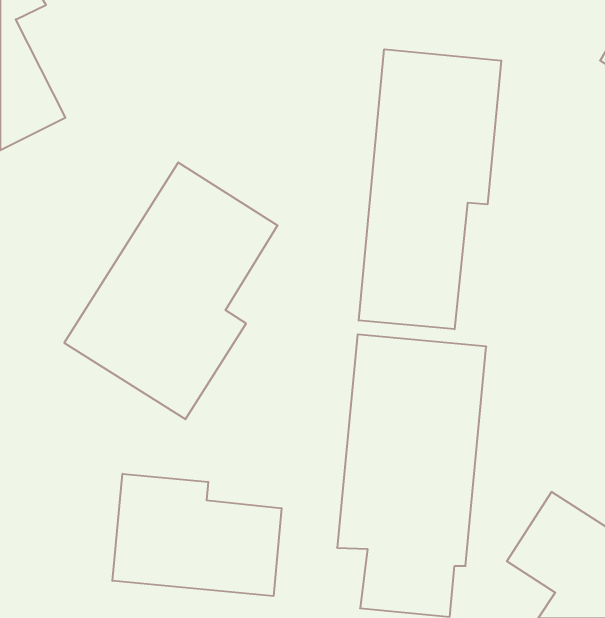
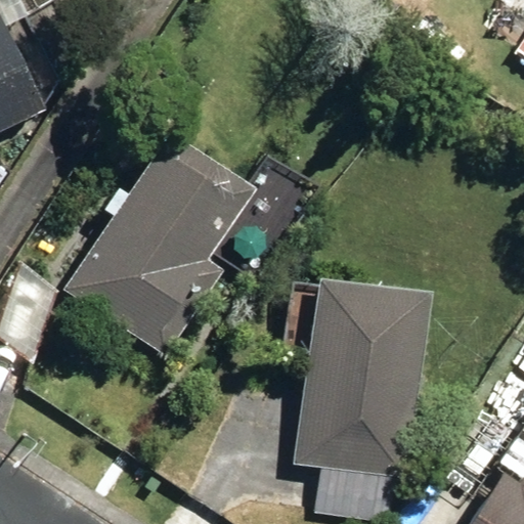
building: [359,49,501,329] -> none
building: [112,474,281,596] -> none

